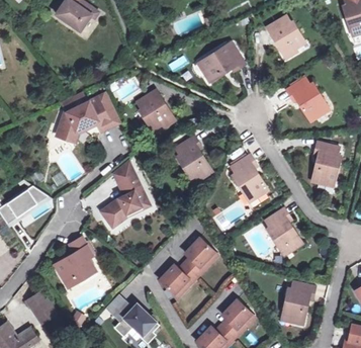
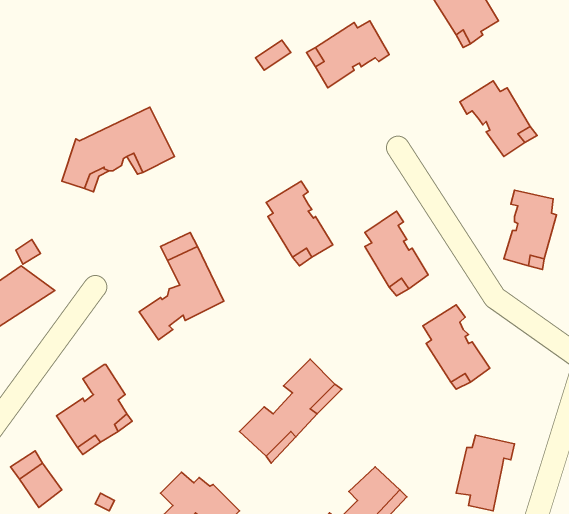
building: [137,88,173,130] -> none

